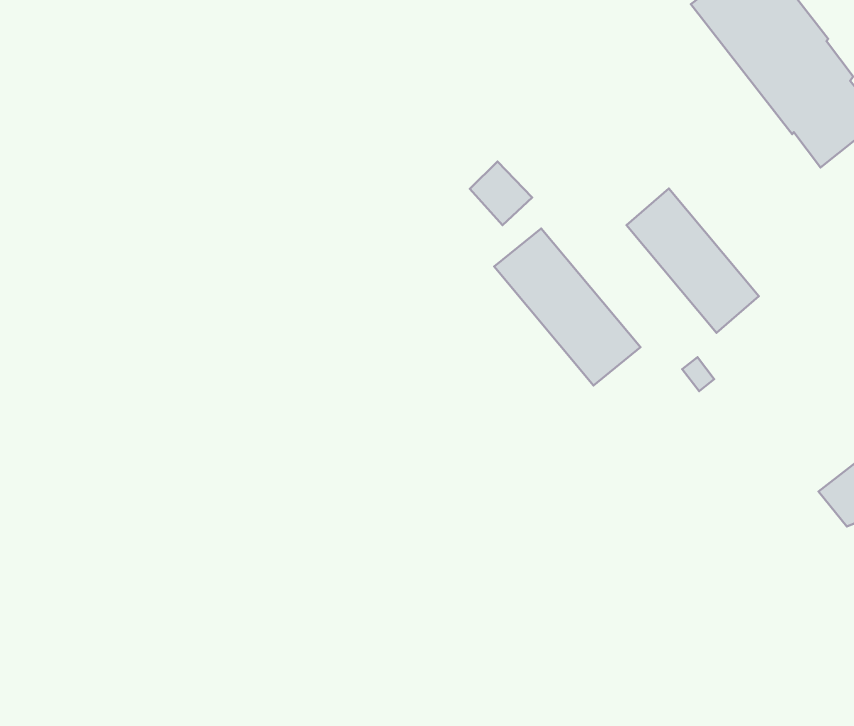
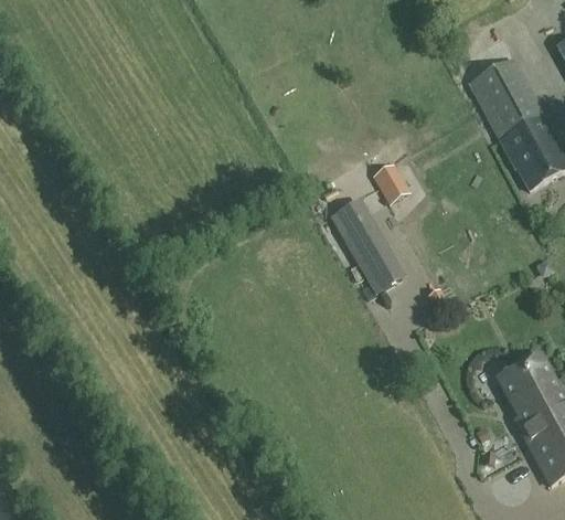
building: [470,161,532,225] -> [374,161,409,199]
building: [626,189,759,333] -> none

